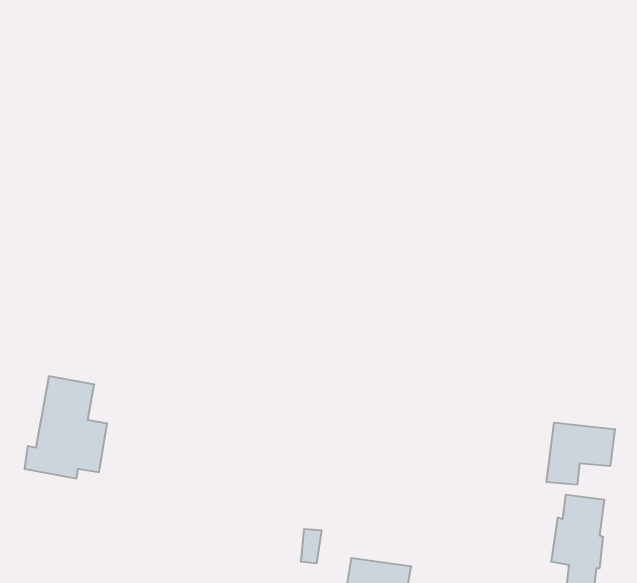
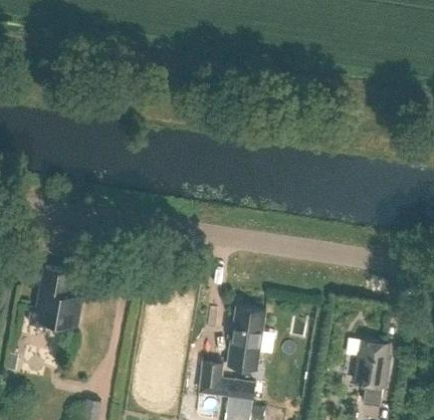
building: [547,423,615,485] -> none
building: none -> [226,307,265,372]

